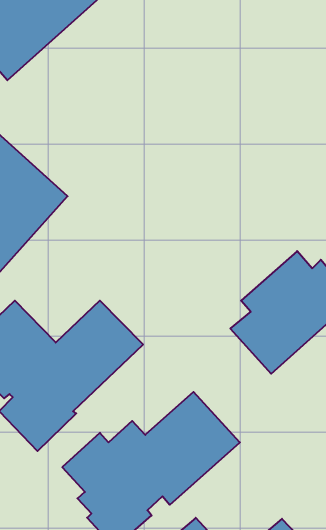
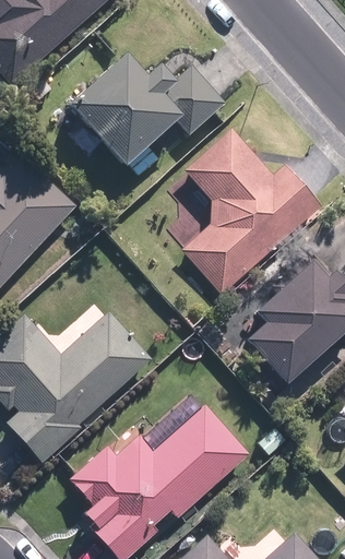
building: none -> [66,51,228,167]
building: none -> [181,128,320,296]

